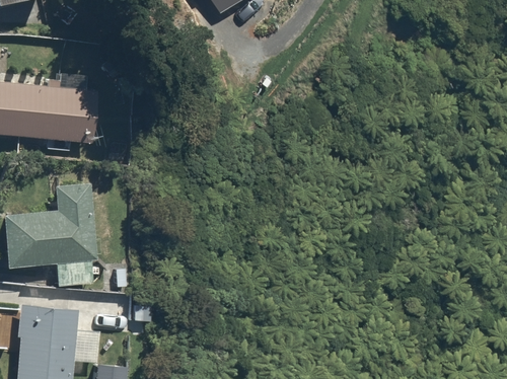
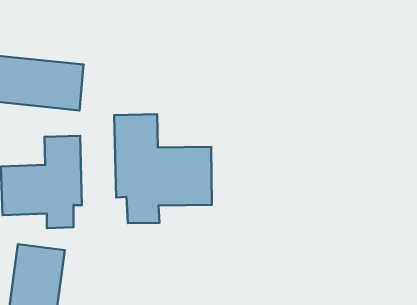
building: none -> [114,114,212,223]

